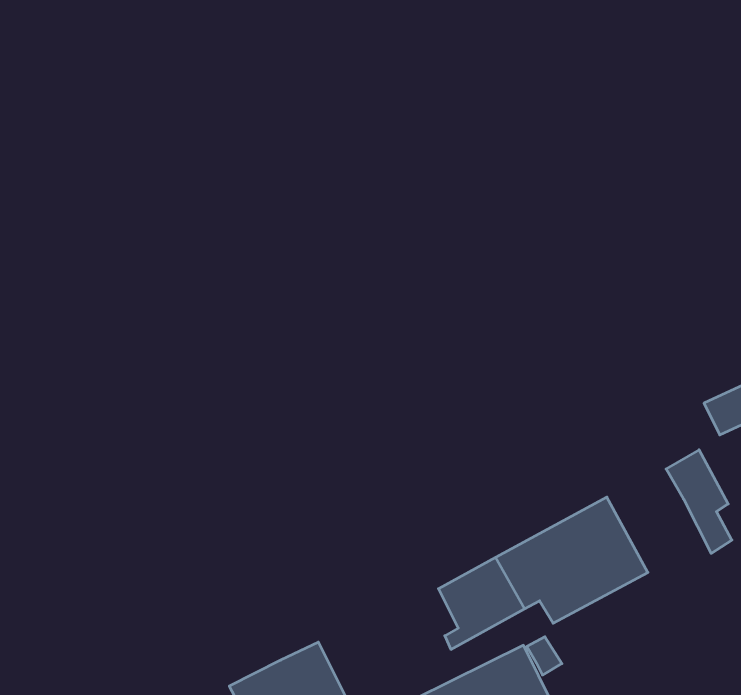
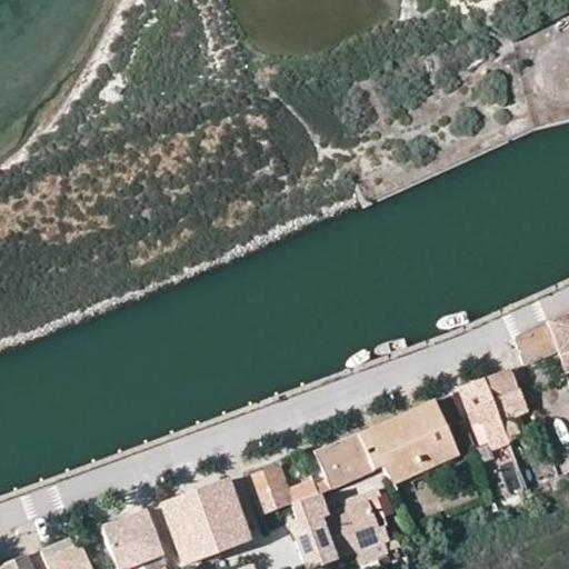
building: none -> [459,383,508,452]
building: none -> [246,463,319,515]

